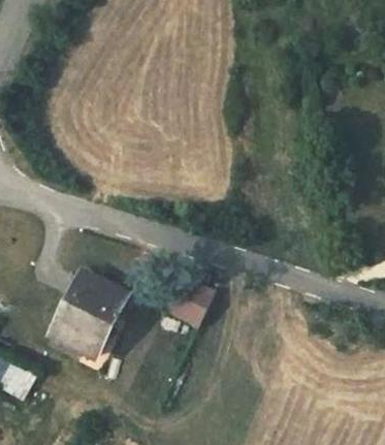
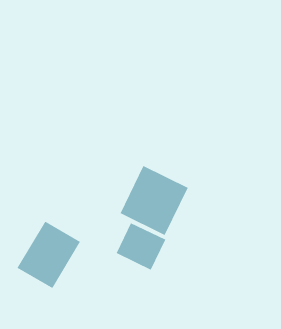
building: none -> [120,165,188,236]

